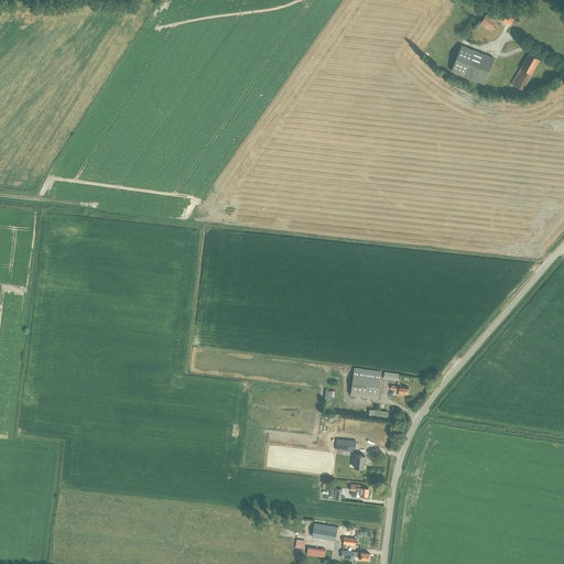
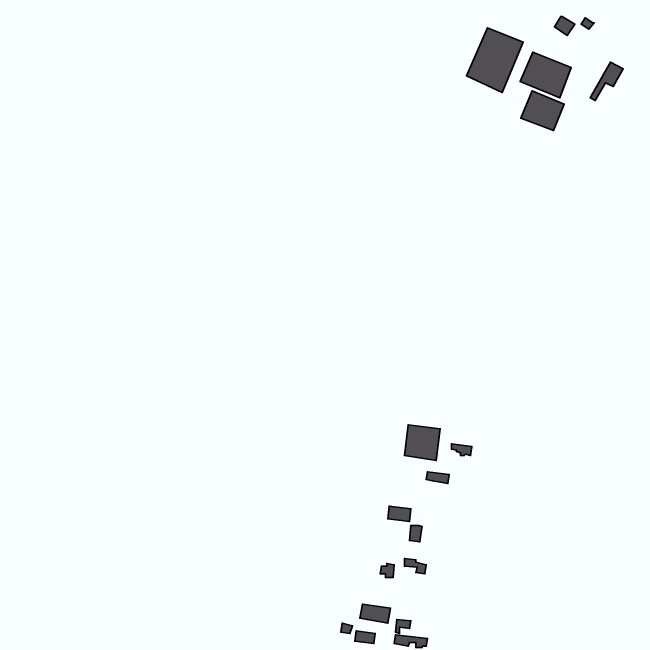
building: none -> [467,28,523,92]
building: none -> [521,91,564,131]

